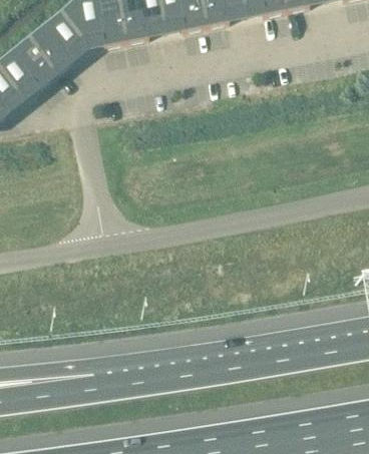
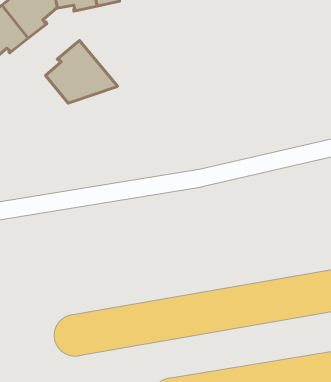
building: none -> [46,41,117,103]

